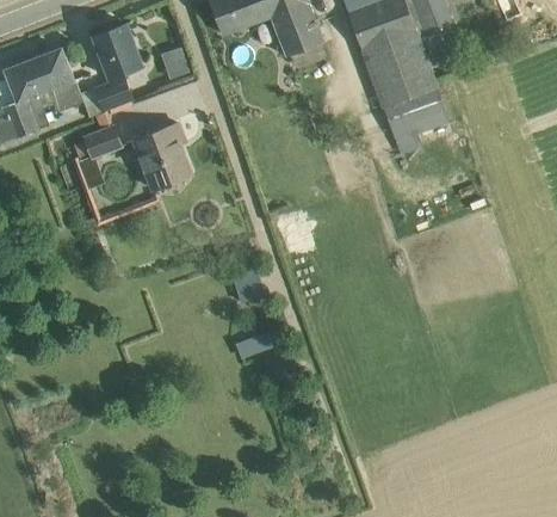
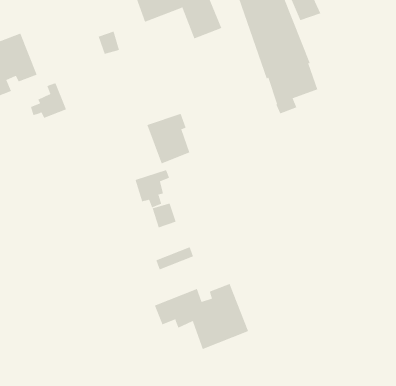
building: [92,23,142,112] -> none
building: [132,122,190,189] -> [146,113,190,164]
building: none -> [135,169,170,208]
building: none -> [154,283,249,350]

